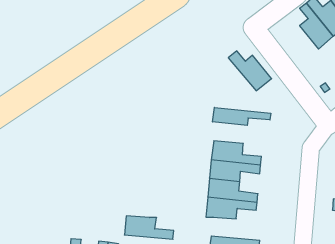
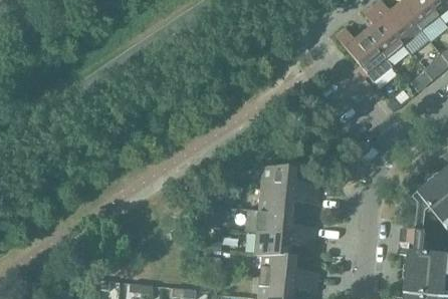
building: [228,51,272,91] -> [334,28,385,74]
building: [213,107,271,125] -> none
building: [124,216,174,239] -> [260,255,317,282]

